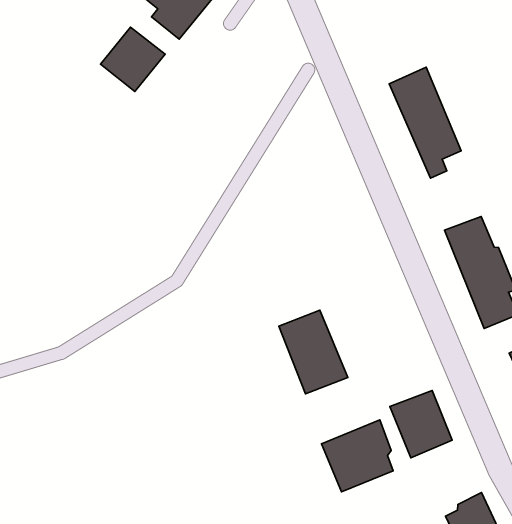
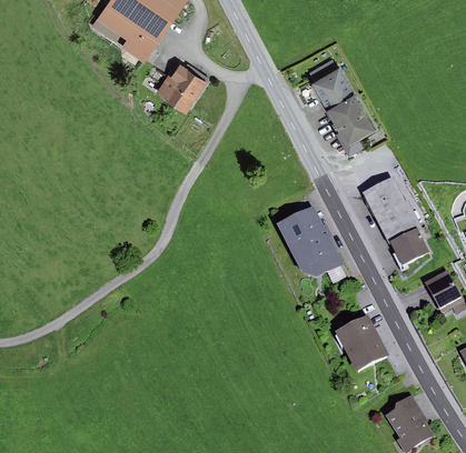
building: [100,27,165,91] -> [156,60,206,110]
building: [279,310,348,394] -> [280,212,338,279]
building: [322,420,393,492] -> none

